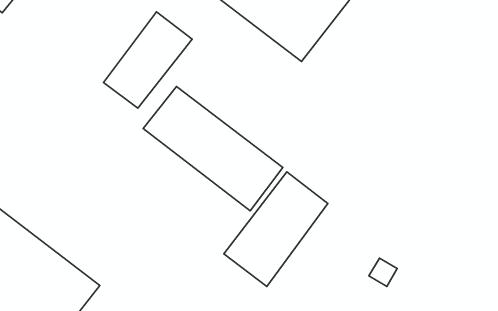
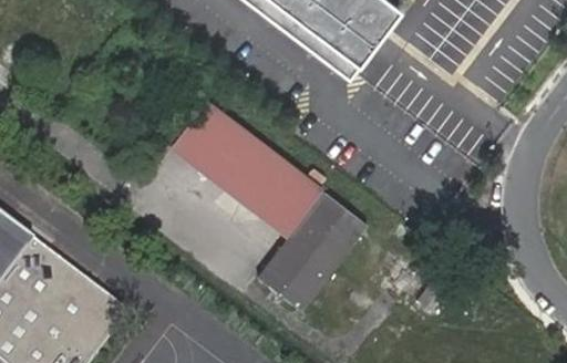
building: [104,12,192,108] -> none

